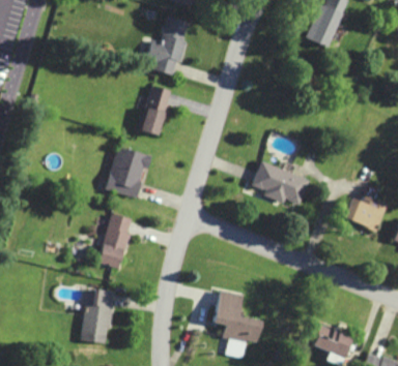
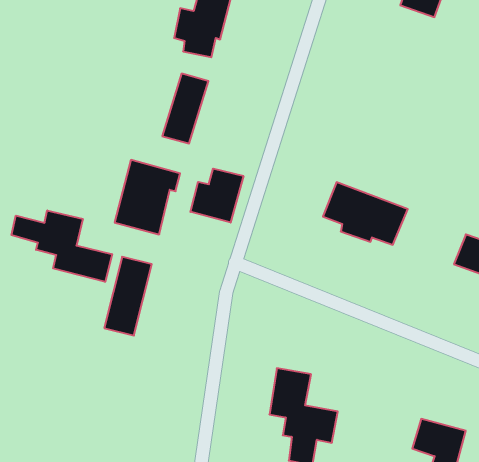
building: none -> [190,169,243,223]
building: none -> [11,210,112,282]
building: [82,288,114,344] -> none

